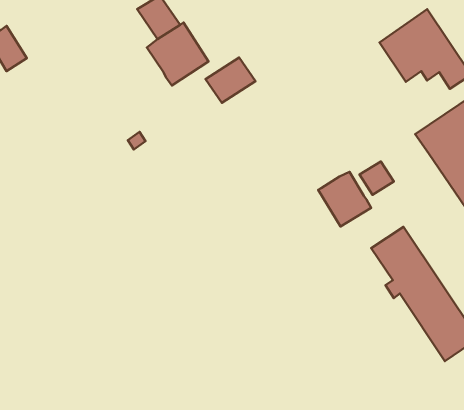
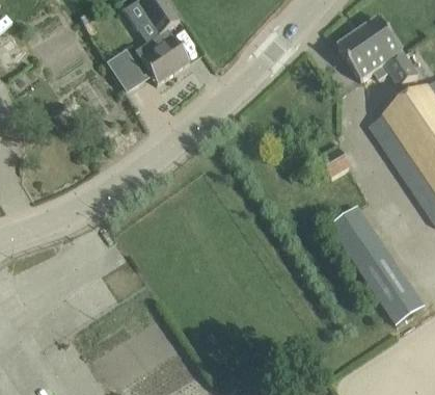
building: none -> [104,48,149,93]
building: [205,57,256,103] -> none
building: [318,172,371,226] -> none

